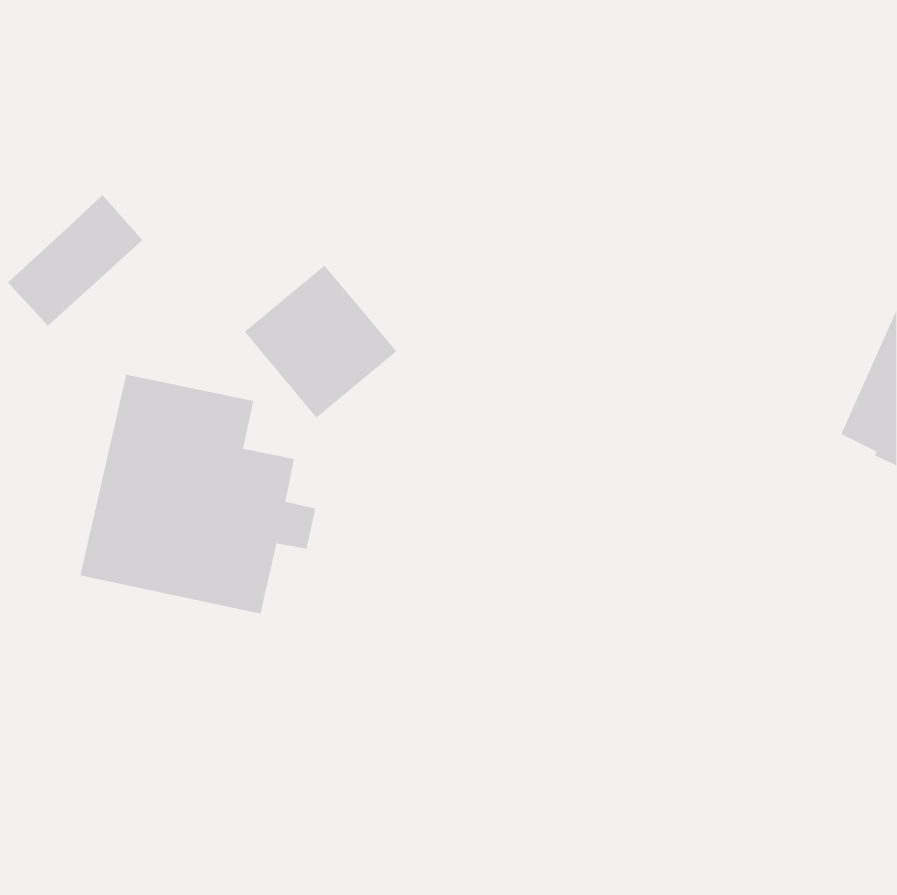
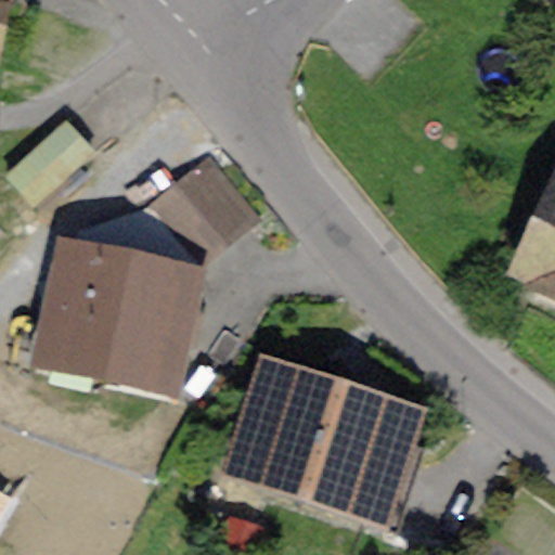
building: none -> [244,383,397,508]

